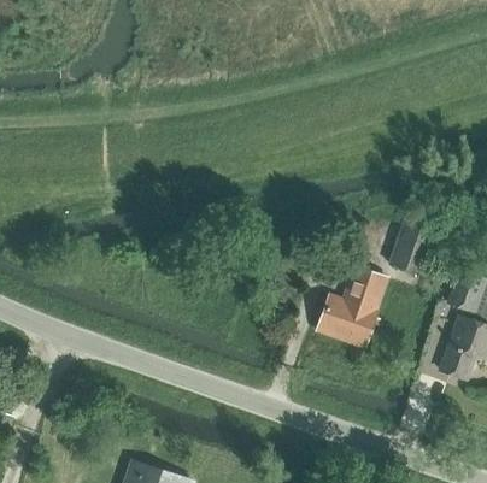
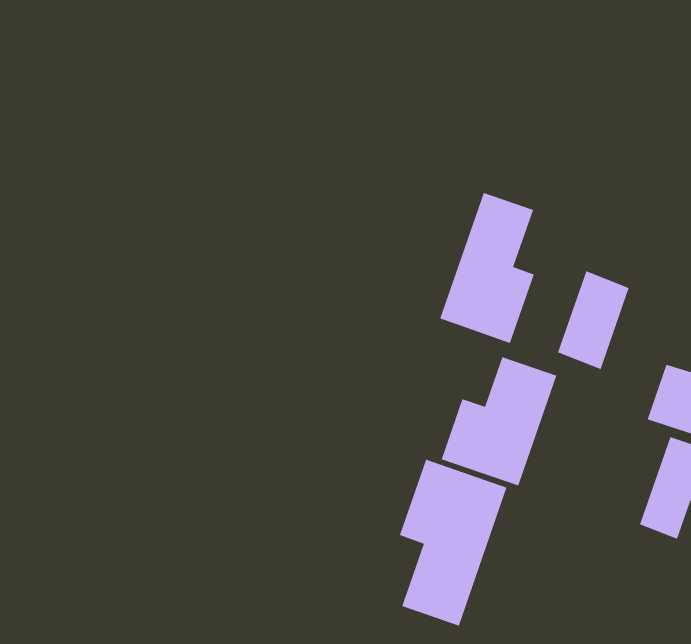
building: none -> [439,192,534,344]
building: none -> [399,459,507,626]

